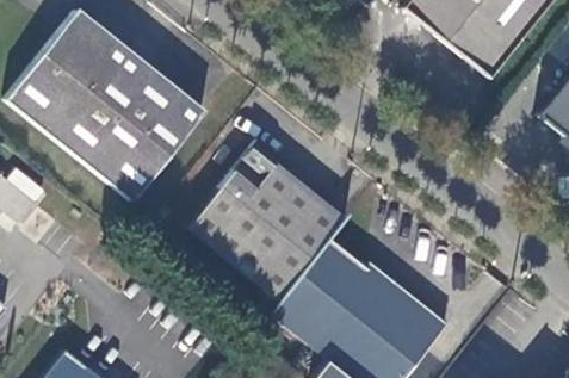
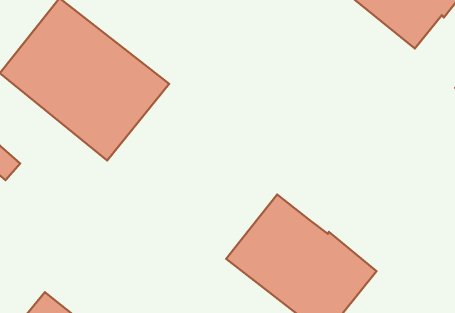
building: [190,140,347,300] -> none

